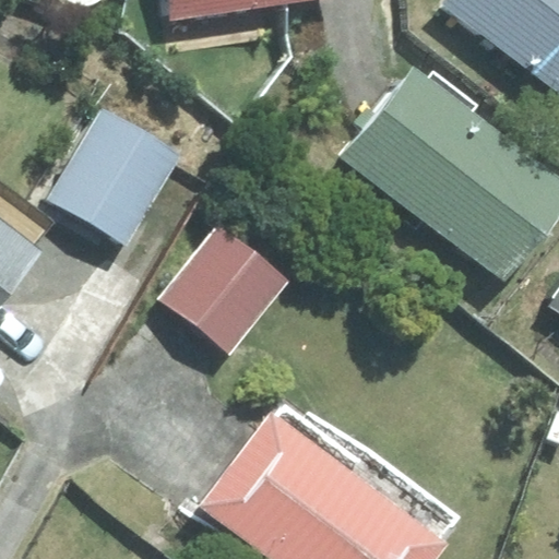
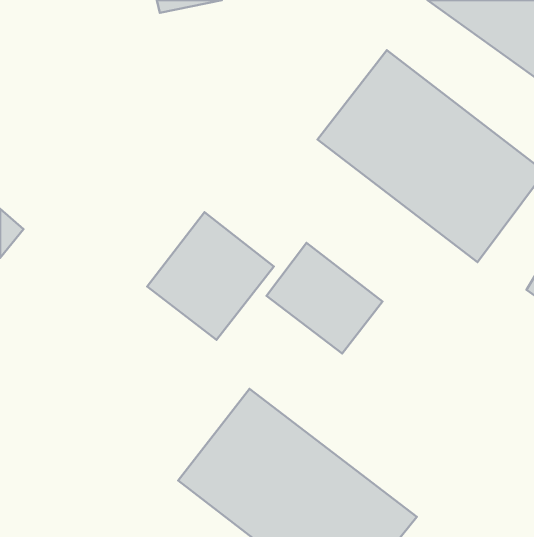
building: [49,95,191,247] -> none
building: none -> [267,243,382,353]

